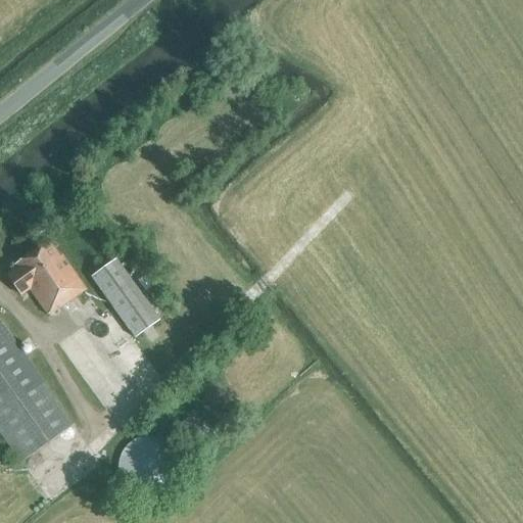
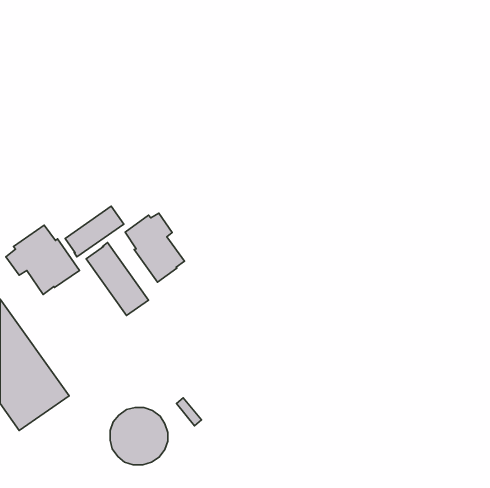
building: none -> [65,206,124,257]
building: none -> [125,213,185,282]

